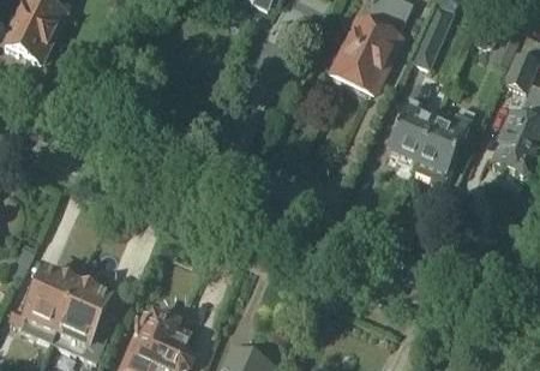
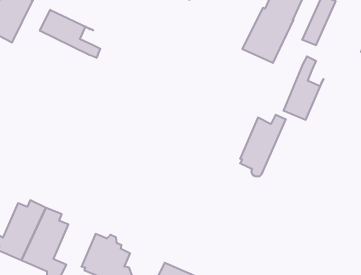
building: none -> [40,10,100,58]
building: [416,104,475,184] -> [240,115,286,176]

